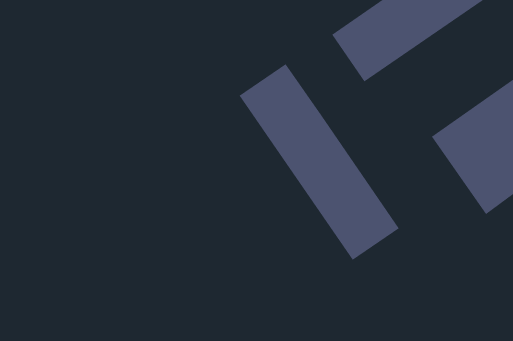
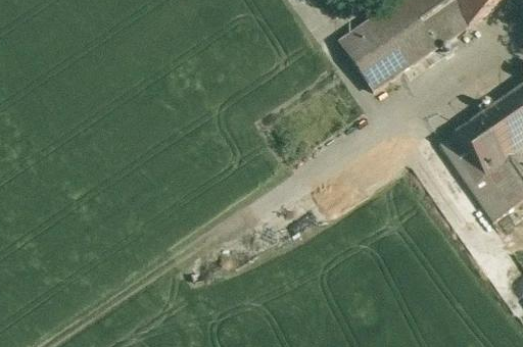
building: [239,63,400,261] -> none

